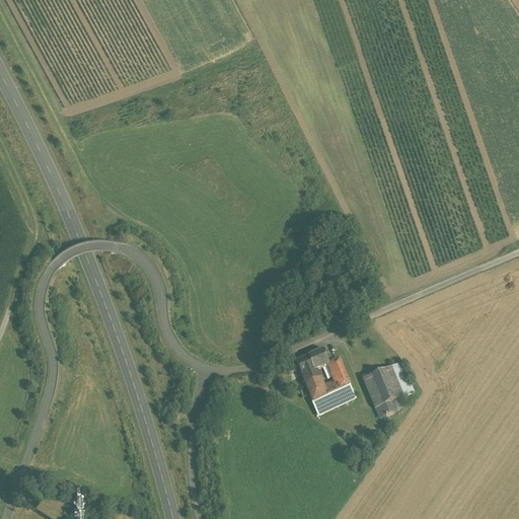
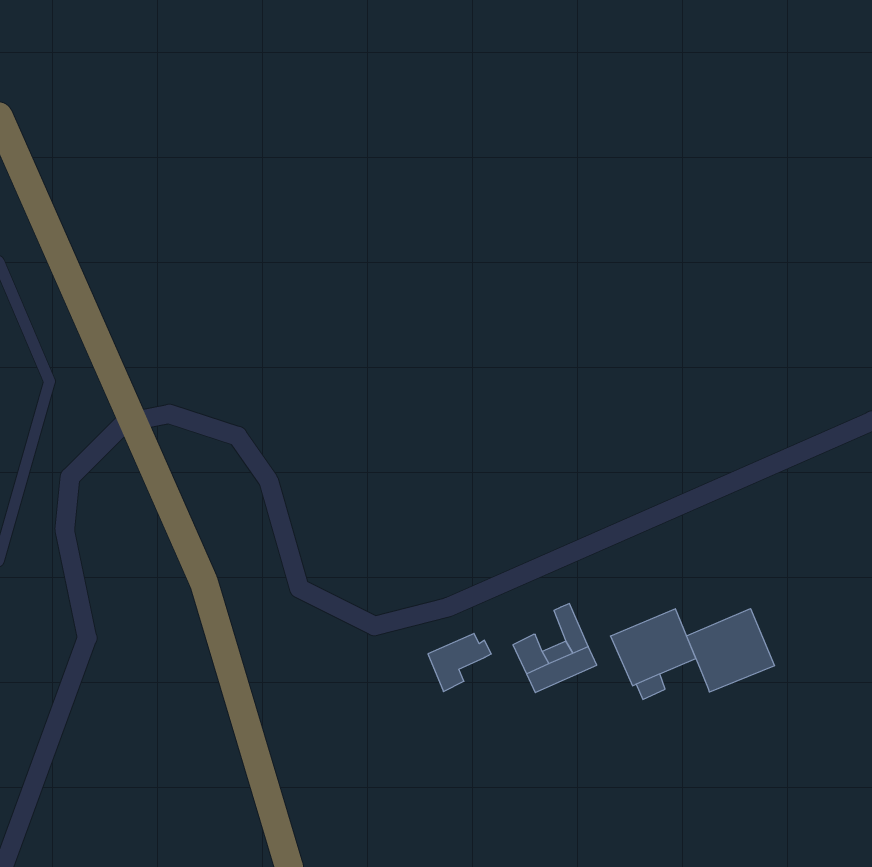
building: [295,348,332,382] -> [428,633,491,692]
building: none -> [687,609,775,692]

